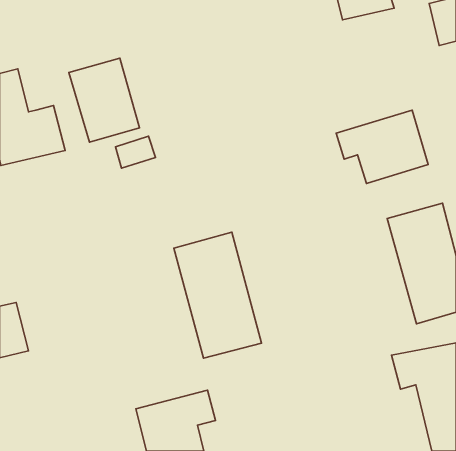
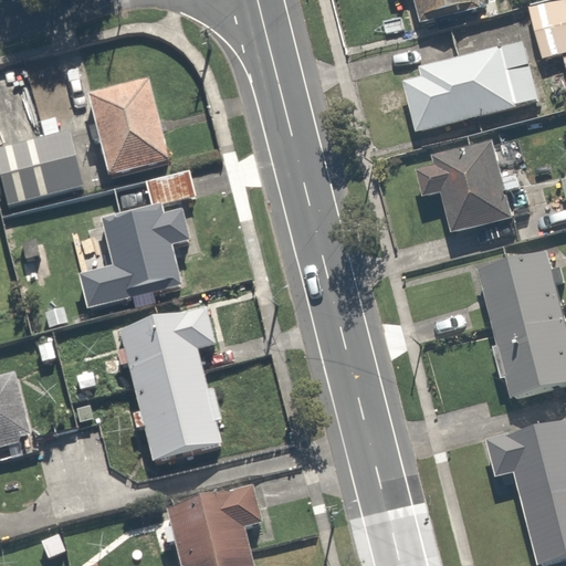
building: none -> [400,31,544,132]
building: none -> [102,206,190,301]
building: [174,232,261,358] -> [117,312,226,468]

